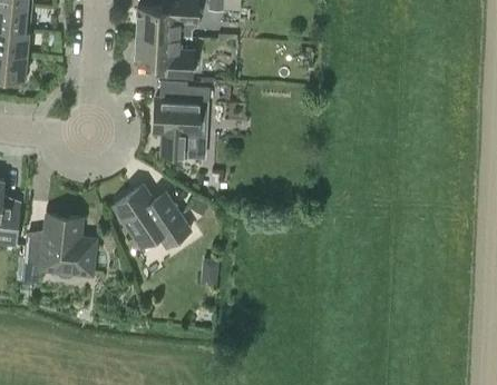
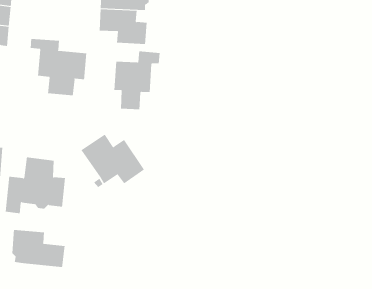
building: none -> [30,38,87,96]
building: none -> [12,229,65,268]

